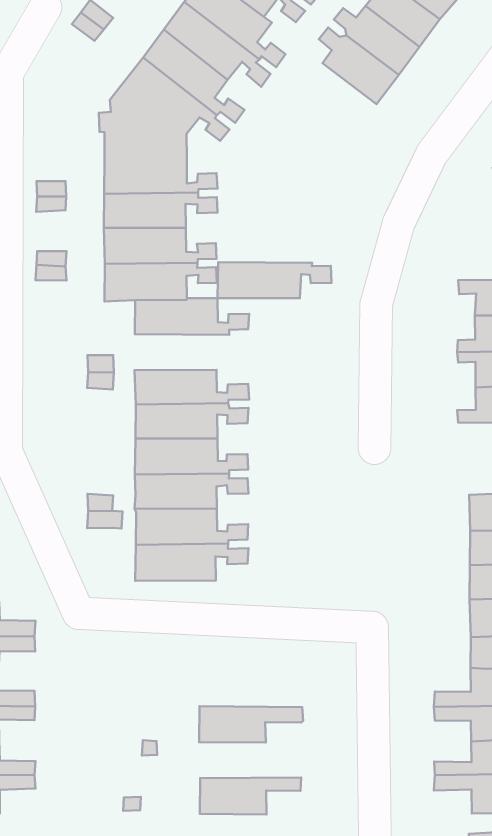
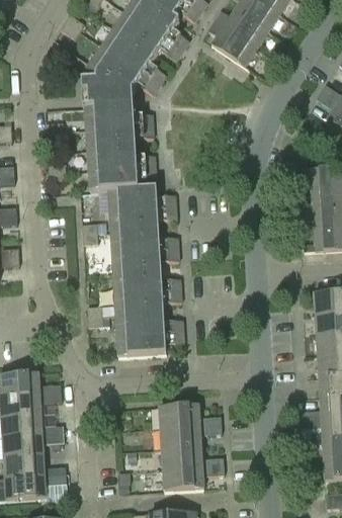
building: [218,262,331,298] -> [109,207,177,232]
building: none -> [160,405,222,428]
building: none -> [162,447,224,470]

